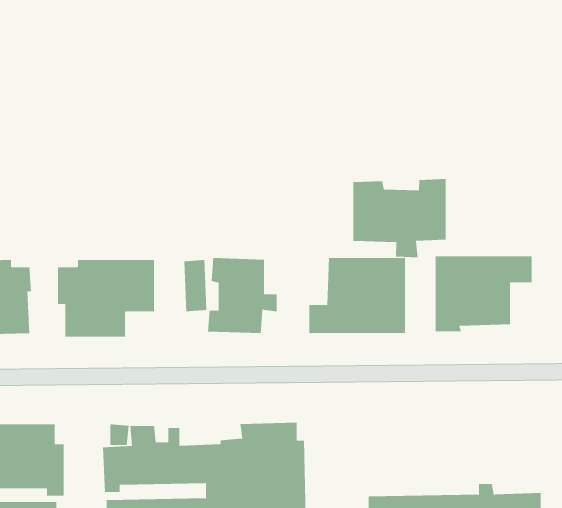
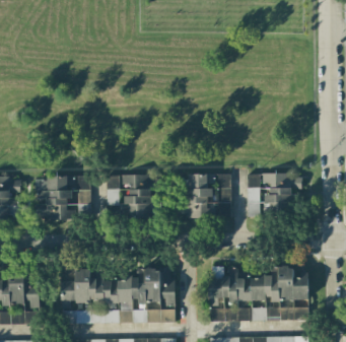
building: [353,178,446,258] -> none
building: none -> [209,266,308,305]

